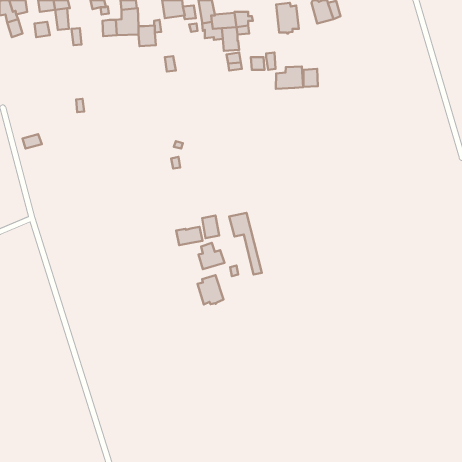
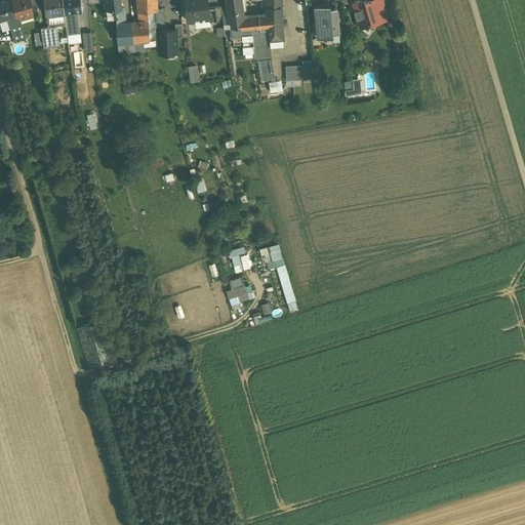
building: [276,67,303,89] -> none
building: [176,227,202,245] -> none
building: [197,275,223,304] -> none

